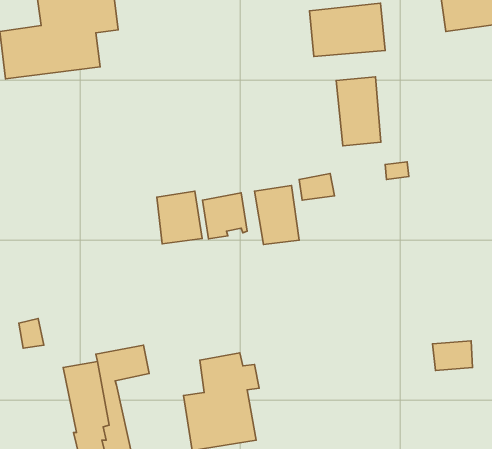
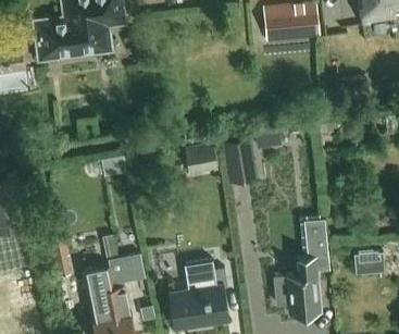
building: [336,77,381,146] -> none
building: [157,191,202,244] -> none
building: none -> [276,219,327,313]

